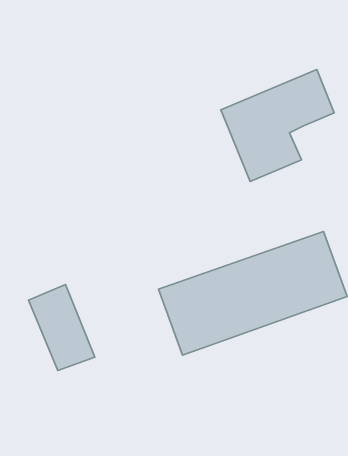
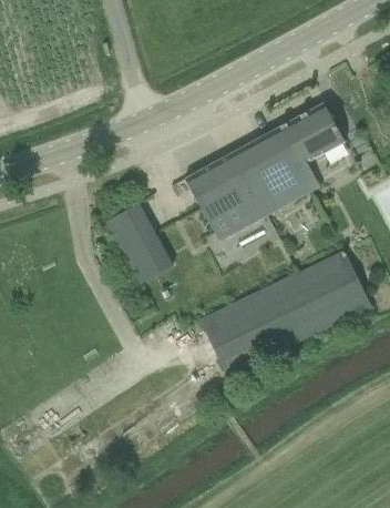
building: none -> [185,149,274,241]
building: [28,284,95,370] -> [106,204,172,283]

